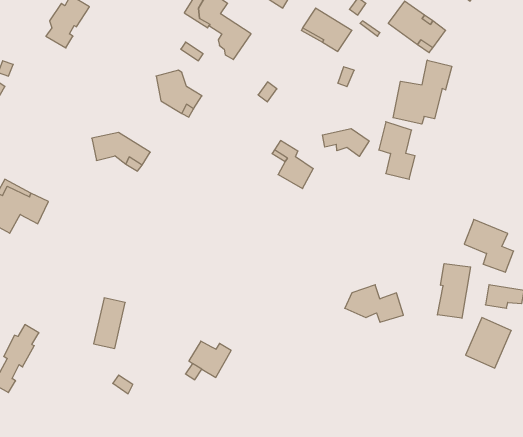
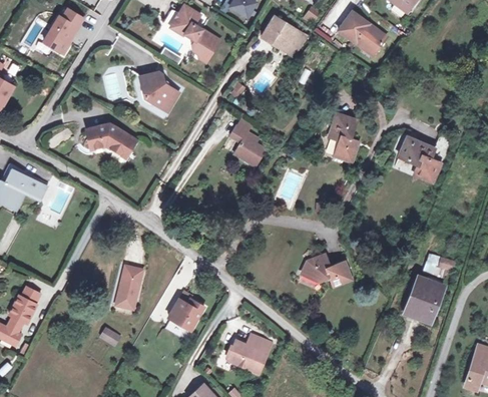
building: [393,60,452,124] -> none
building: [322,129,369,156] -> none
building: [464,219,514,272] -> [400,137,442,182]
building: [437,264,471,318] -> none
building: [94,298,125,348] -> [117,269,144,312]
building: none -> [224,338,269,376]

